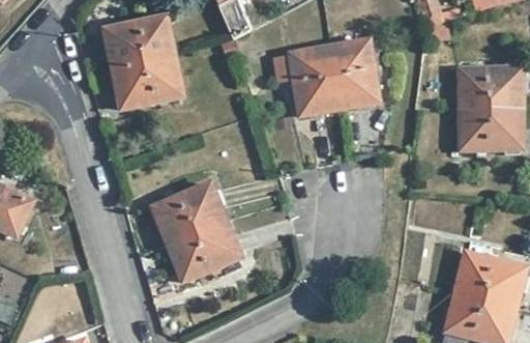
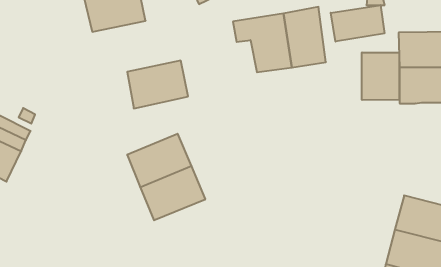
building: none -> [331,5,384,42]
building: [114,55,182,109] -> [127,61,188,108]
building: none -> [362,52,399,100]

